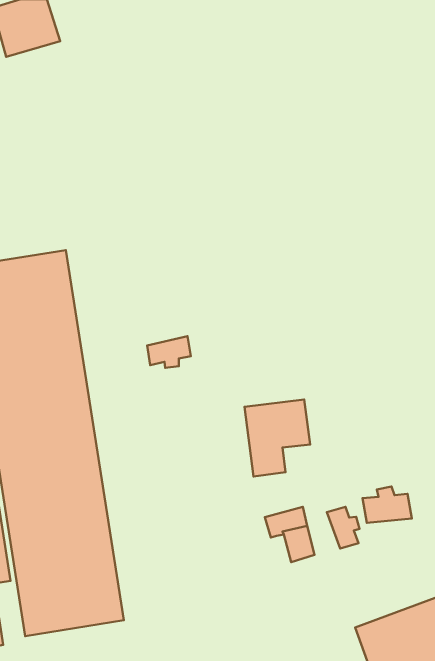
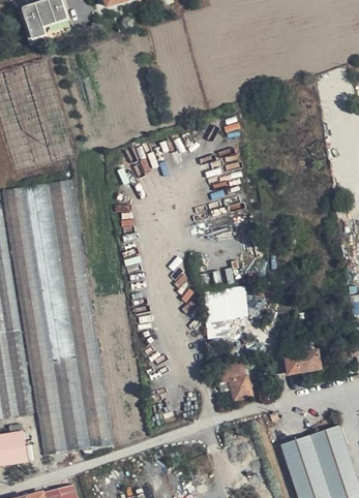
building: [147,336,191,368] -> none
building: [327,507,359,549] -> none

